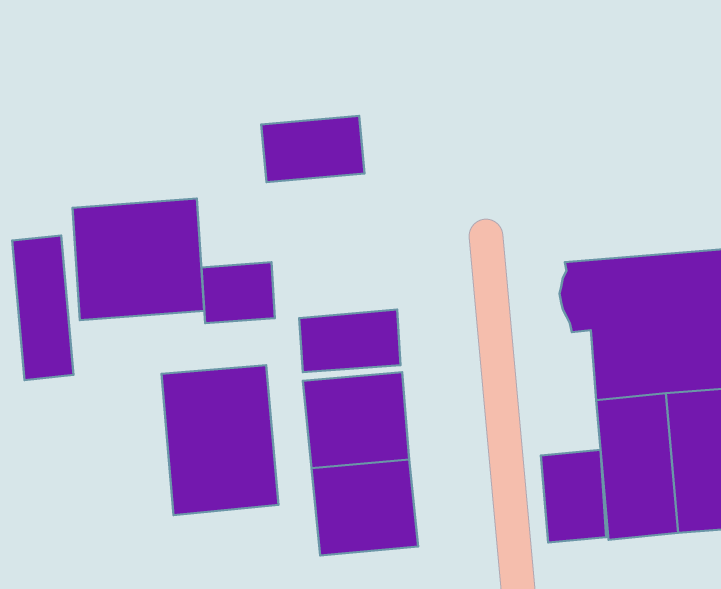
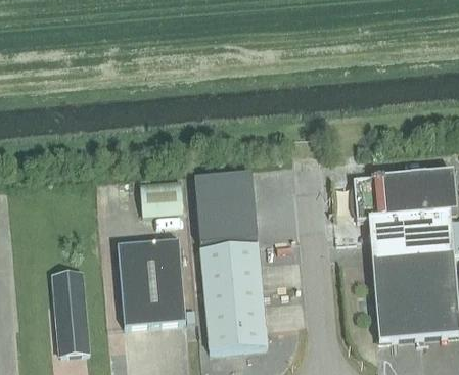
building: [261,116,364,182] -> [194,172,255,210]
building: [73,198,204,320] -> none
building: [12,235,73,380] -> [53,270,89,355]
building: [541,450,606,542] -> none

